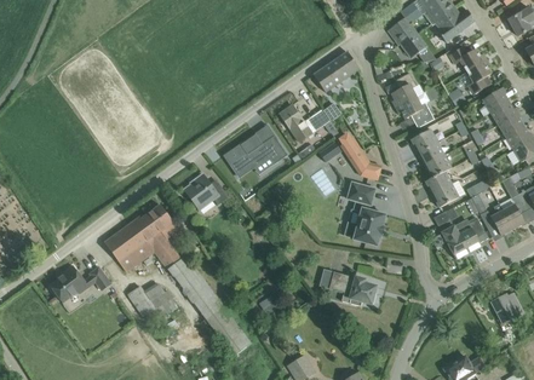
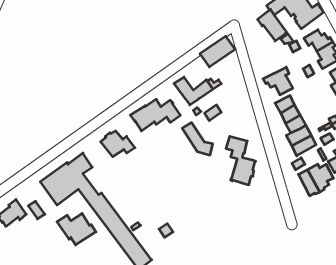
building: [390,71,424,106] -> none
building: [340,137,380,179] -> [182,123,213,155]
building: [328,271,375,305] -> none

